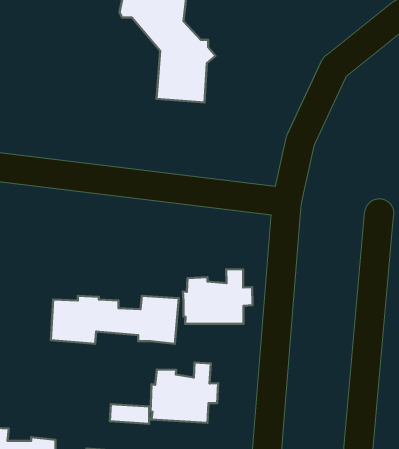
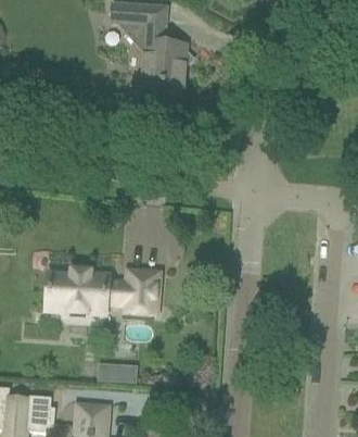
building: [183,269,252,324] -> none
building: [151,362,218,423] -> none

